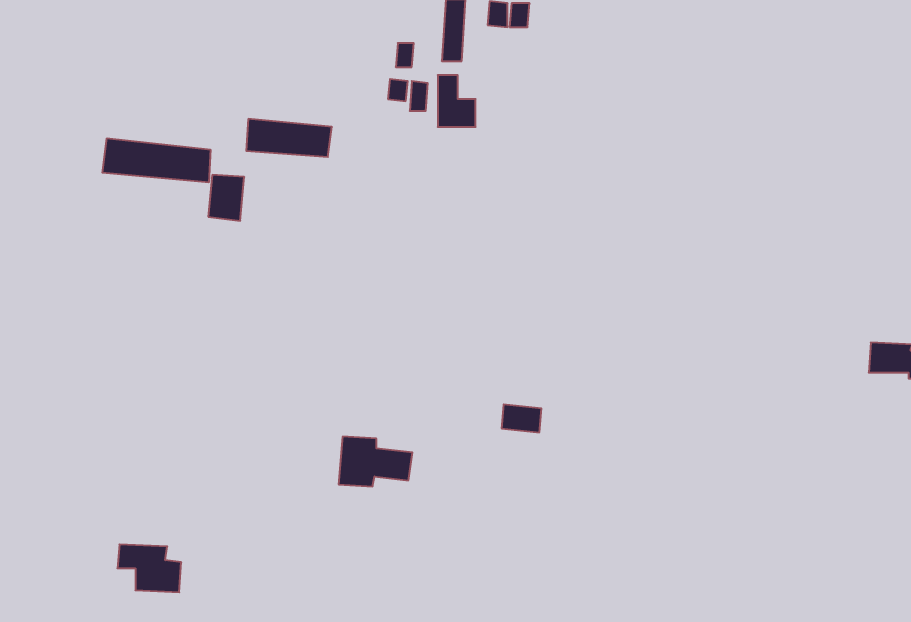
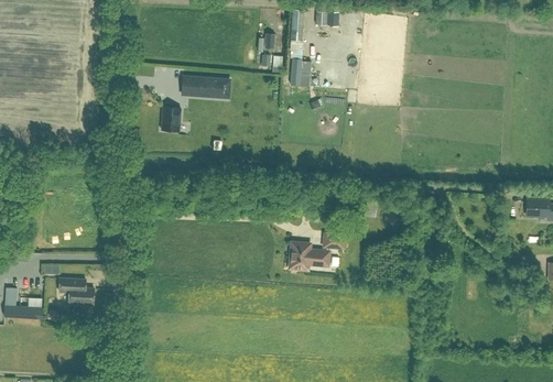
building: [102,138,210,182] -> none
building: [339,437,412,486] -> [289,242,329,270]
building: [117,544,181,592] -> [58,279,94,305]

